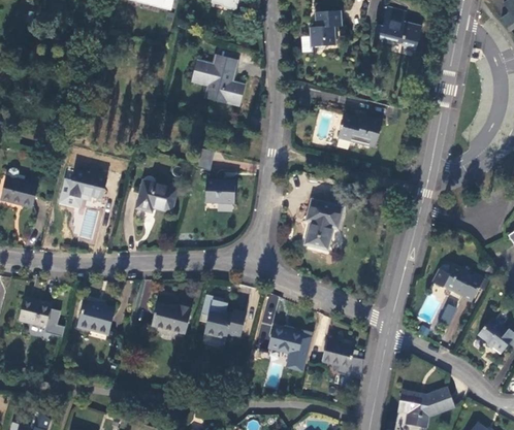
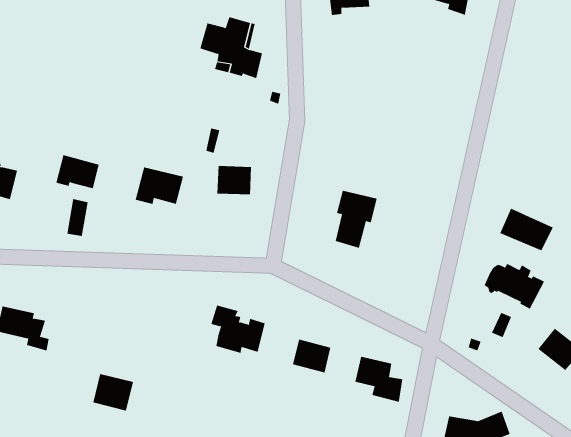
building: [339,115,382,146] -> none
building: none -> [499,208,553,251]
building: [78,302,114,334] -> [92,373,134,411]
building: [152,303,191,334] -> none

